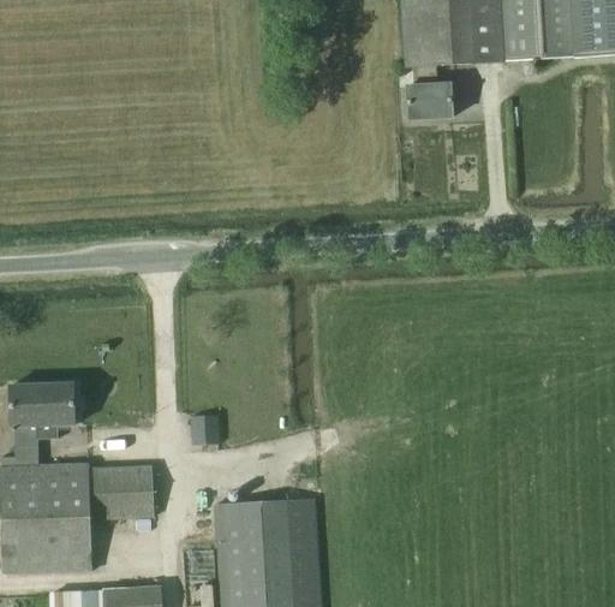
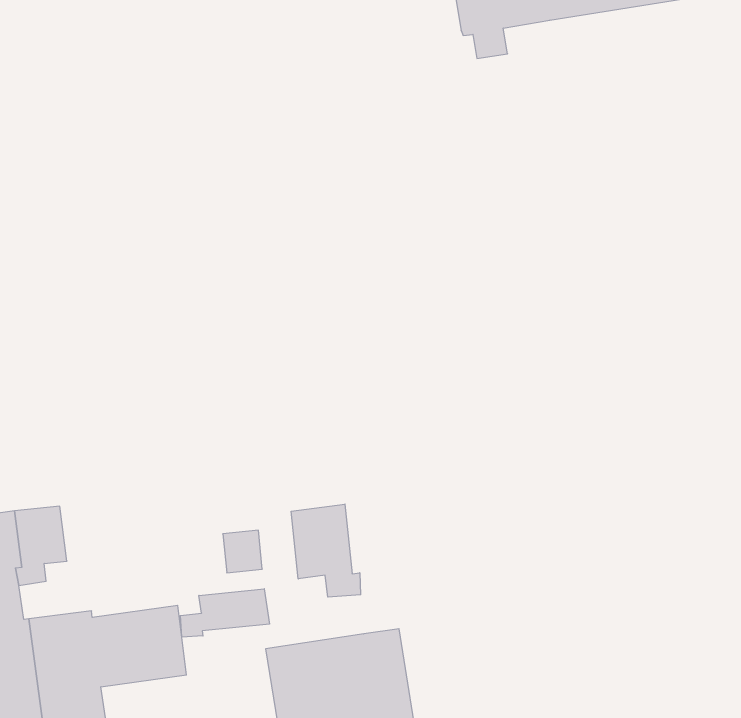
building: [406,83,452,119] -> none
building: none -> [291,504,361,597]
building: none -> [180,589,269,637]

